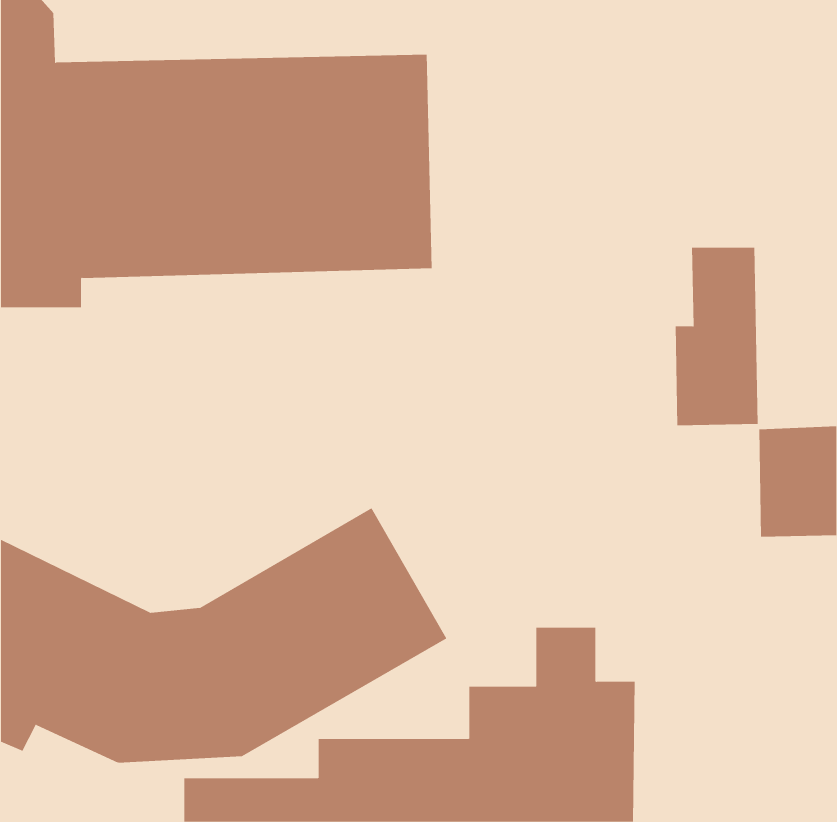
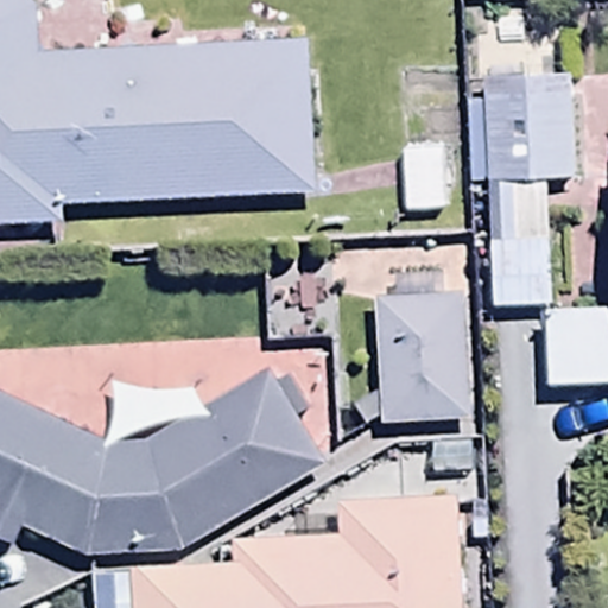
building: none -> [468,75,569,179]
building: none -> [376,271,464,417]

